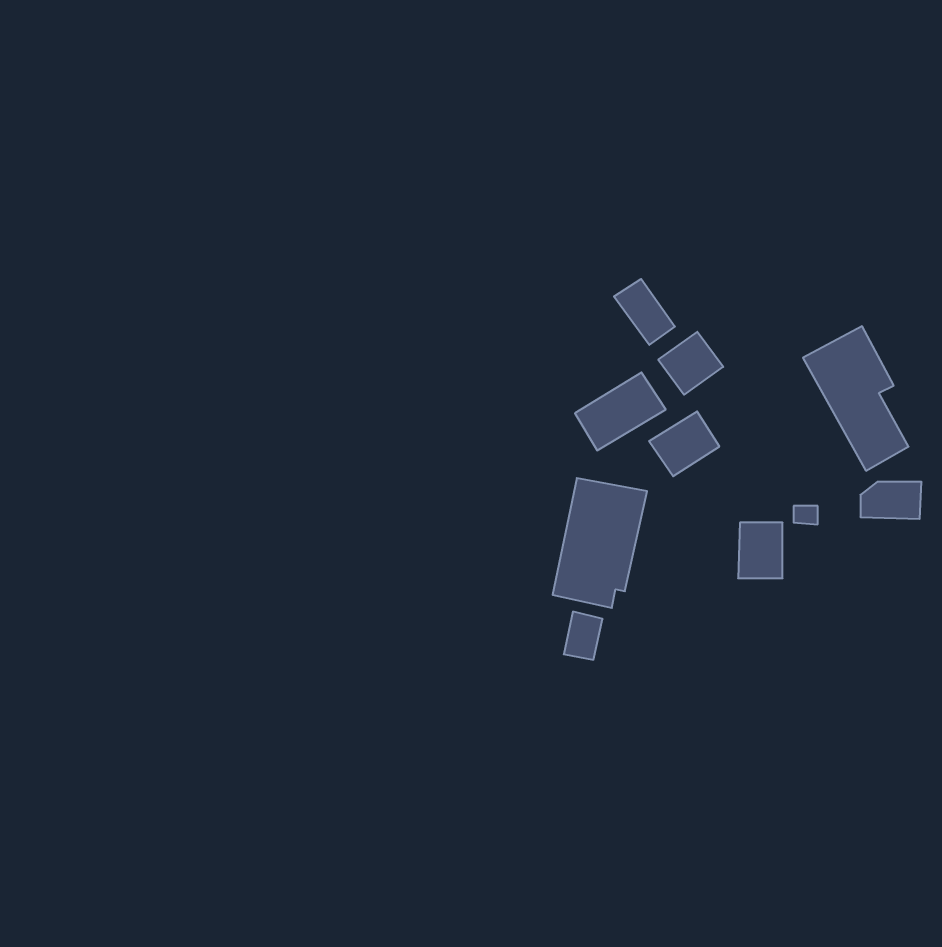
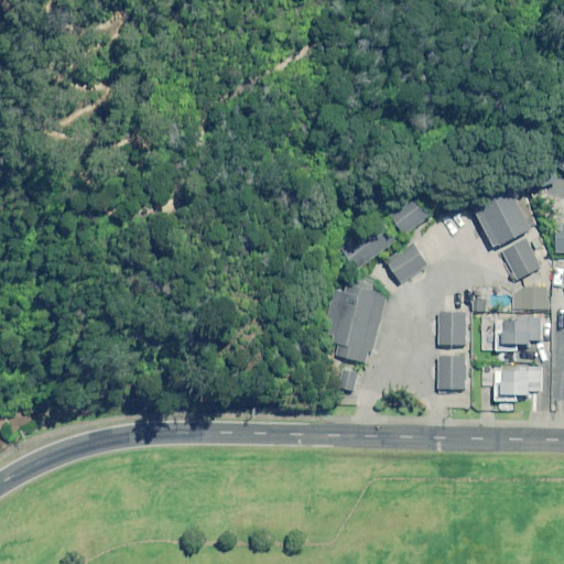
building: [614,279,675,345] -> none
building: none -> [478,315,540,351]
building: none -> [438,354,465,388]
building: none -> [492,369,538,401]

